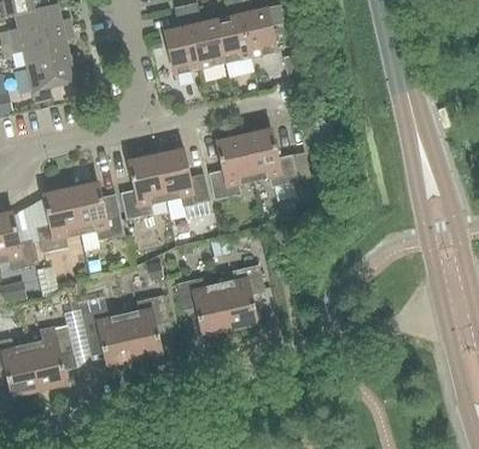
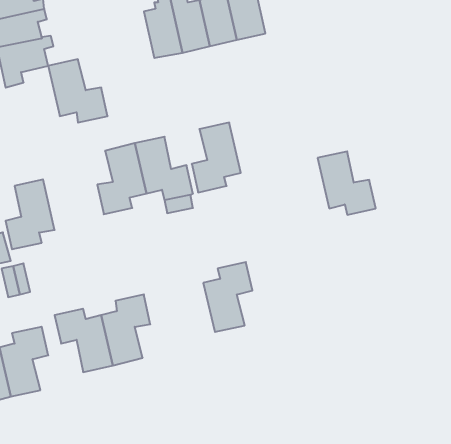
building: [243,128,297,187] -> [318,151,376,215]
building: [69,181,124,240] -> [48,59,108,123]
building: [175,278,229,337] -> none

